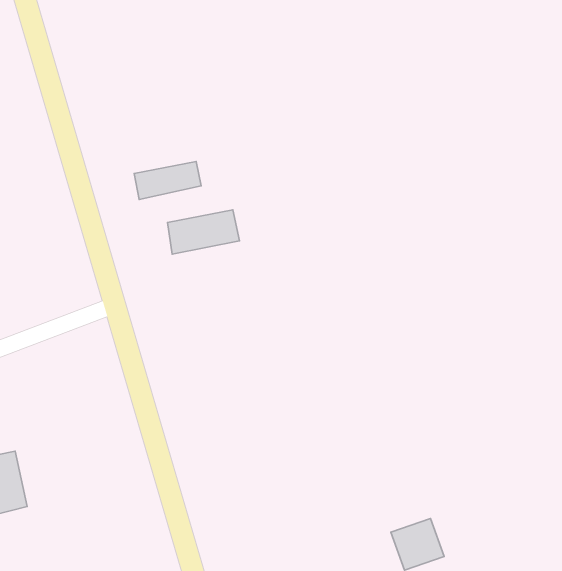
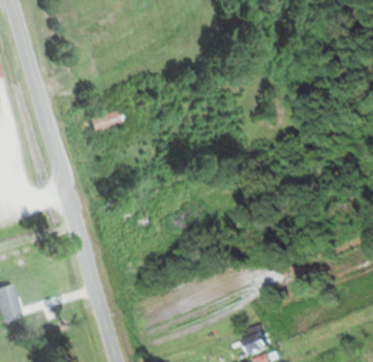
building: [167,210,240,254] -> none

